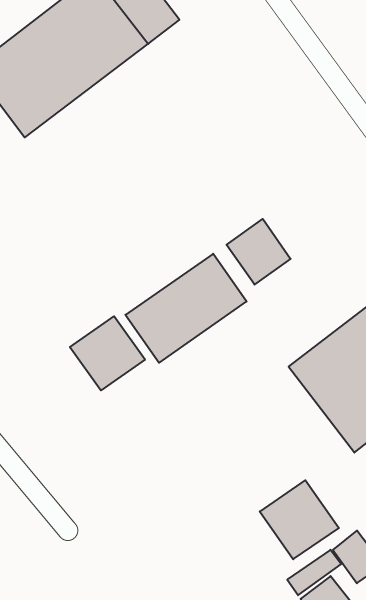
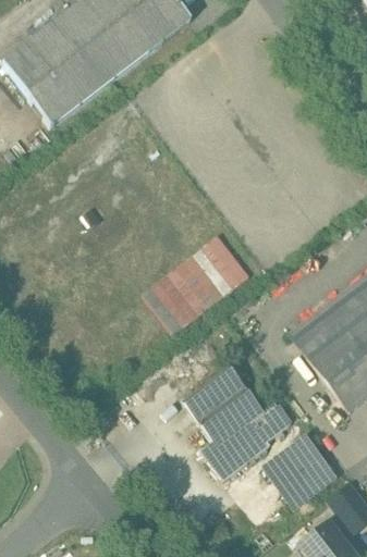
building: [227,219,291,285] -> none
building: [70,316,145,390] -> none
building: none -> [183,367,291,480]

